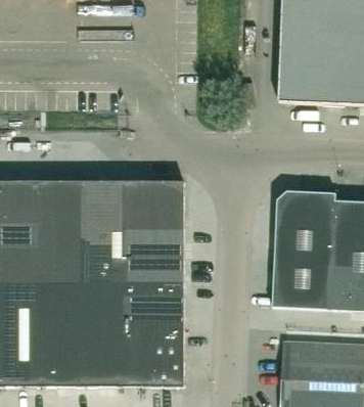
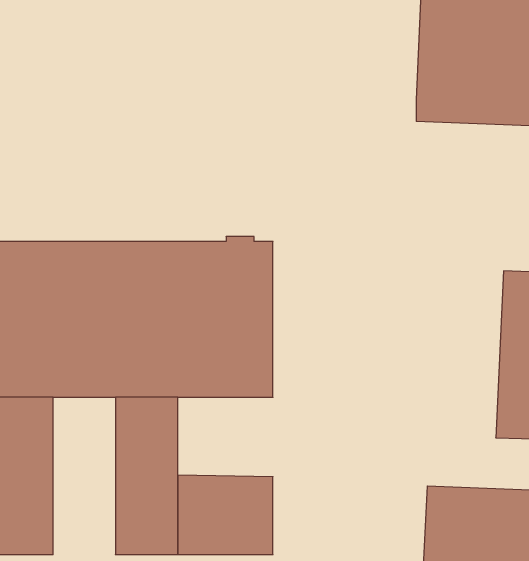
building: [270,190,334,309] -> none
building: [39,282,80,386] -> none
building: [121,282,183,334] -> none

